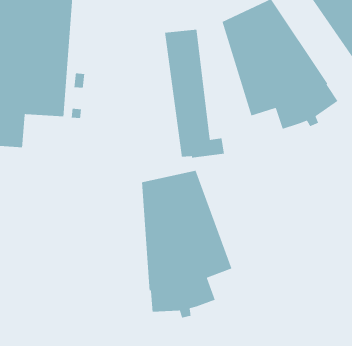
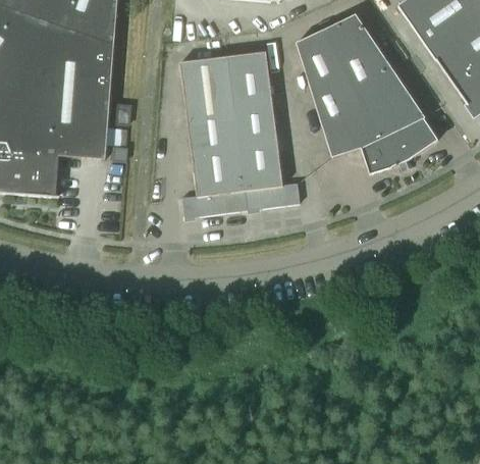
building: none -> [179,55,248,217]
building: [141,170,233,318] -> none

